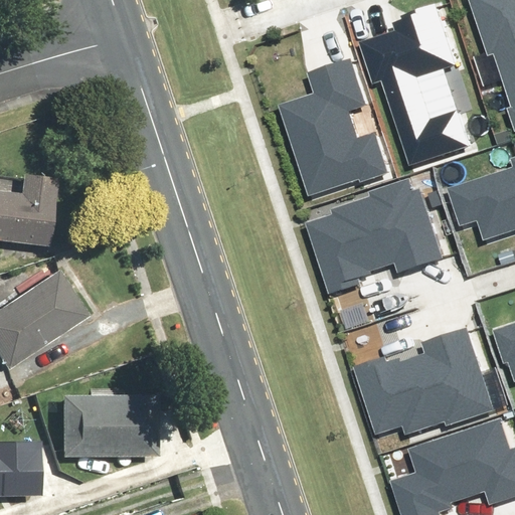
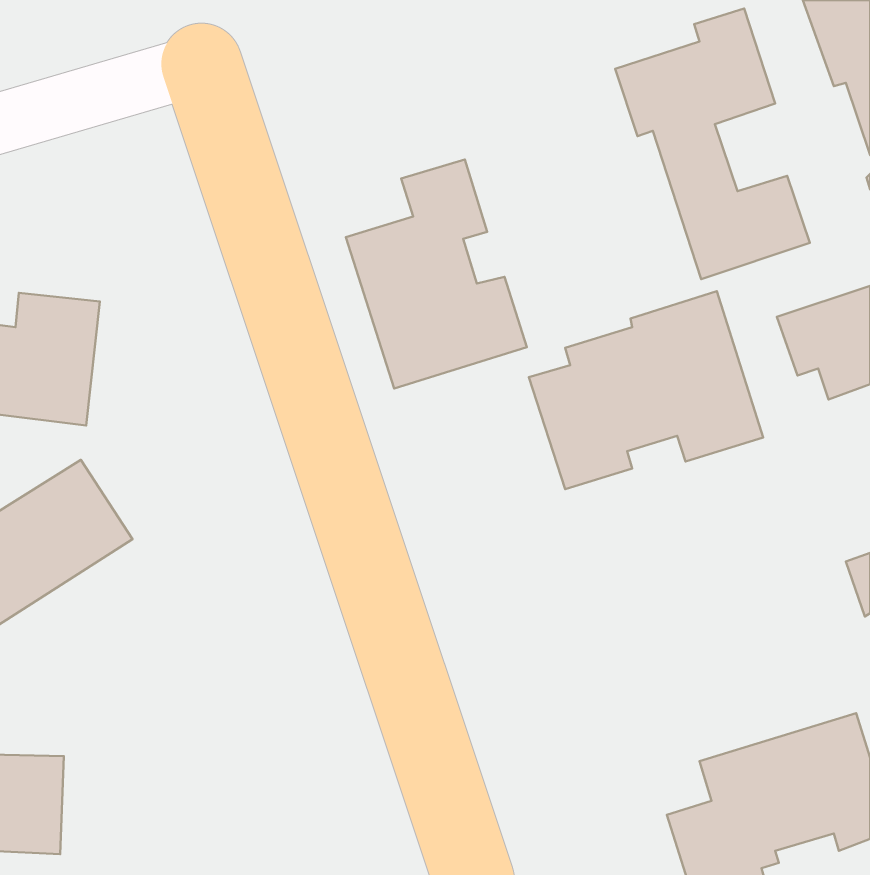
building: [283,60,388,194] -> [346,160,527,389]
building: [357,326,497,435] -> none
building: [59,397,155,460] -> none

